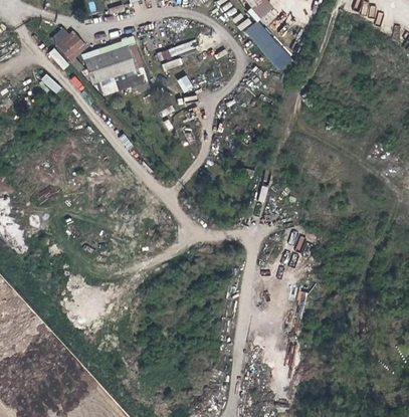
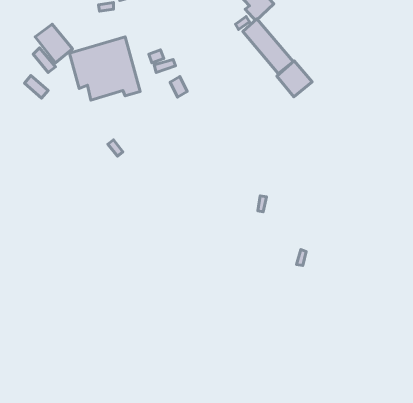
building: none -> [277,61,312,97]

